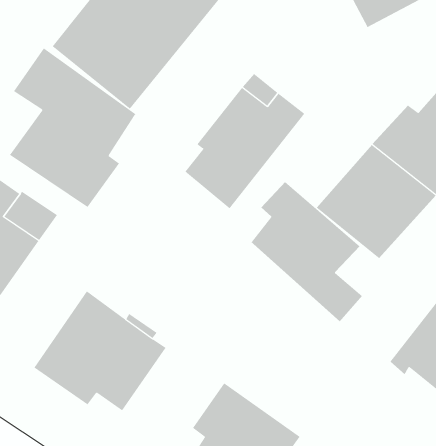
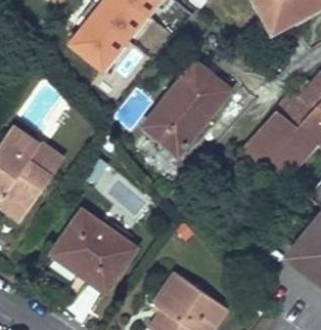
building: [9,47,137,208] -> none
building: [250,181,363,322] -> none

